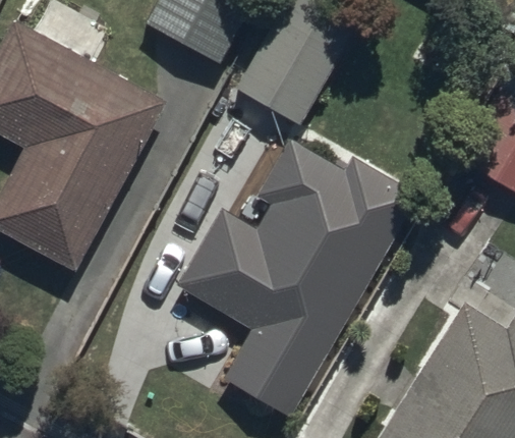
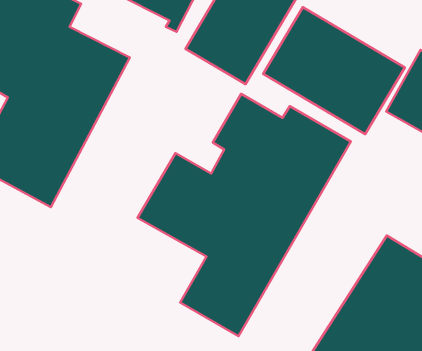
building: none -> [263,7,405,134]

